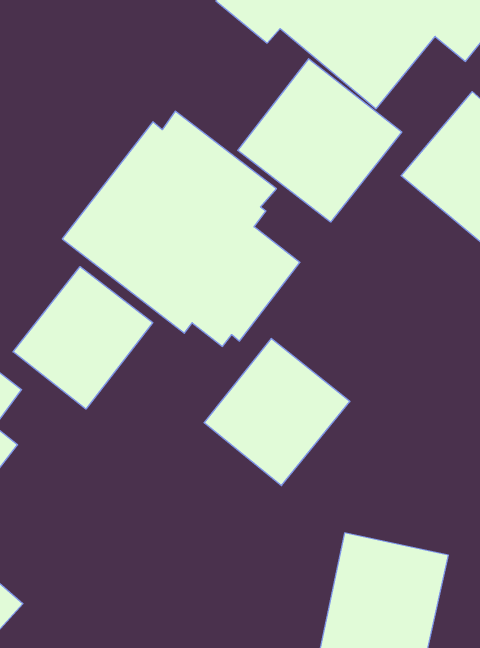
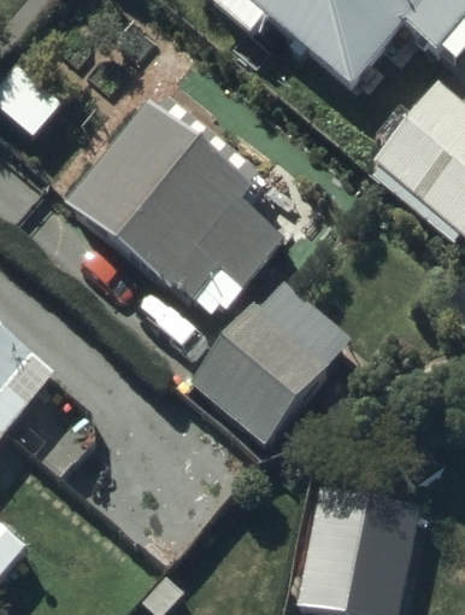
building: [238,59,402,222] -> none
building: [13,267,153,409] -> none

